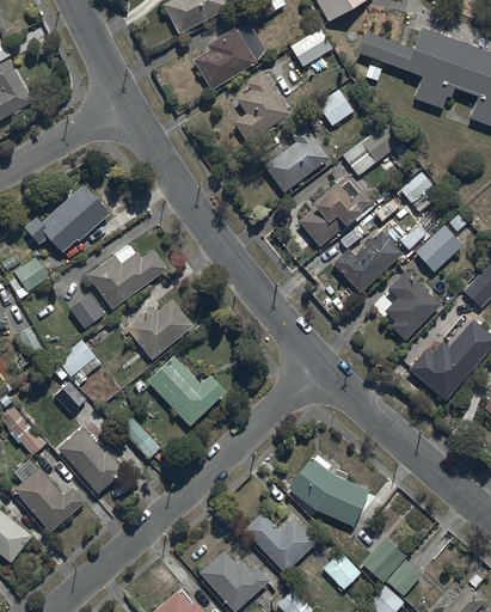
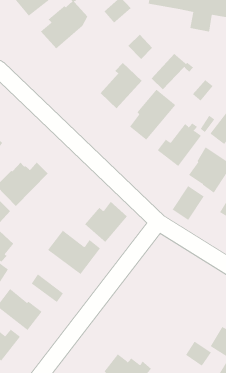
building: [234,73,290,142] -> none
building: [127,299,192,359] -> [84,201,128,243]
building: none -> [172,185,204,221]
building: [289,454,370,527] -> none
building: [243,512,317,573] -> none

